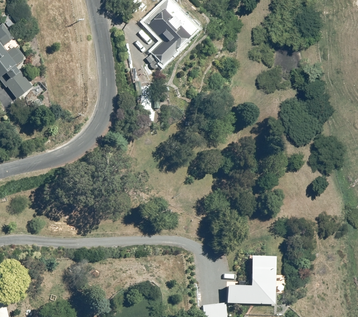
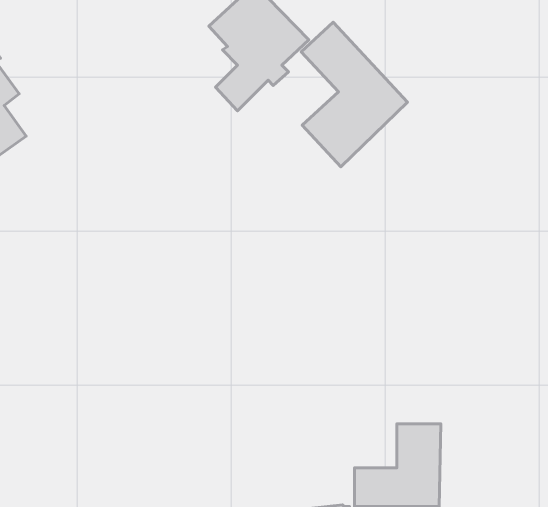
building: none -> [301,22,408,167]

